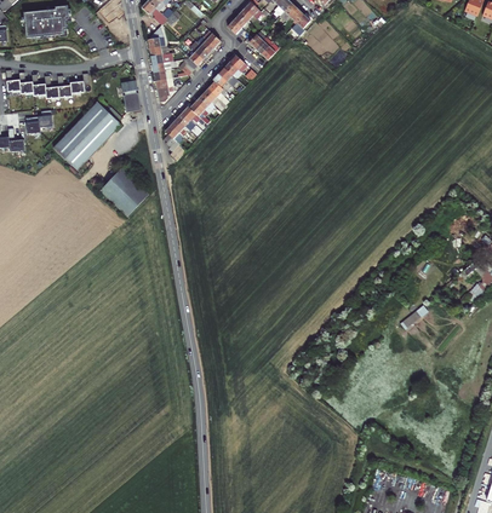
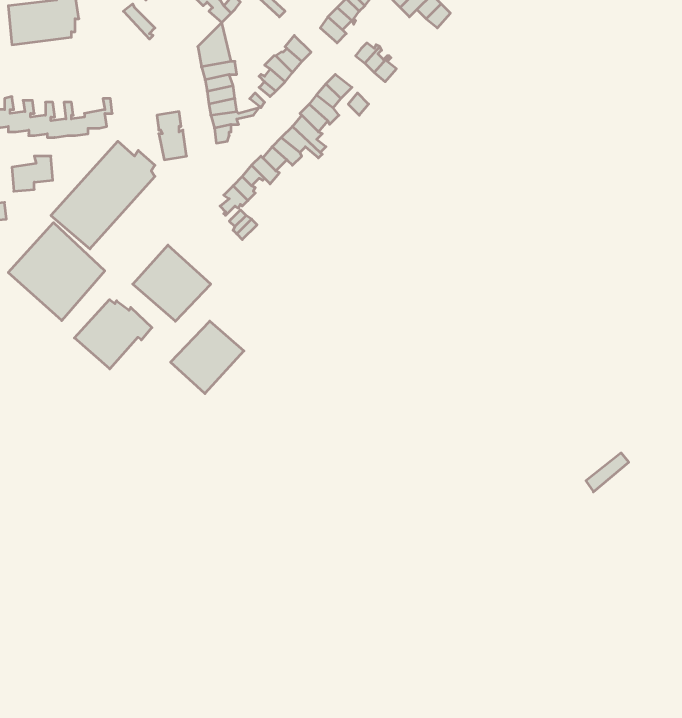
building: none -> [8,223,105,321]
building: none -> [74,300,152,369]
building: none -> [171,321,244,394]

